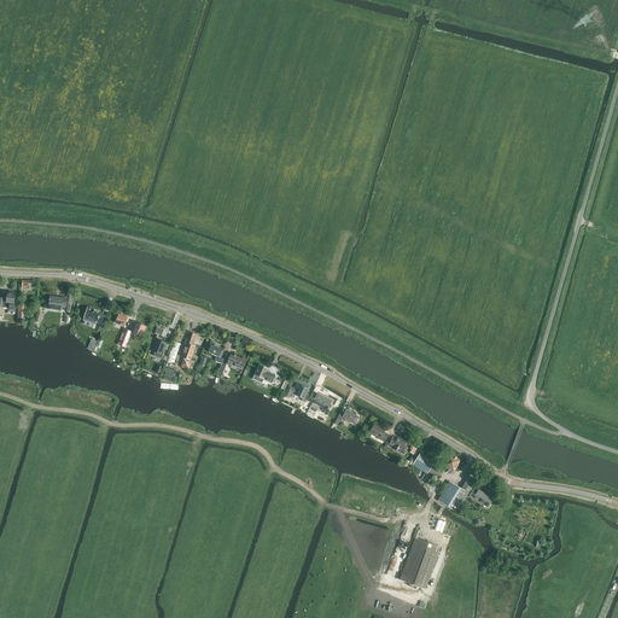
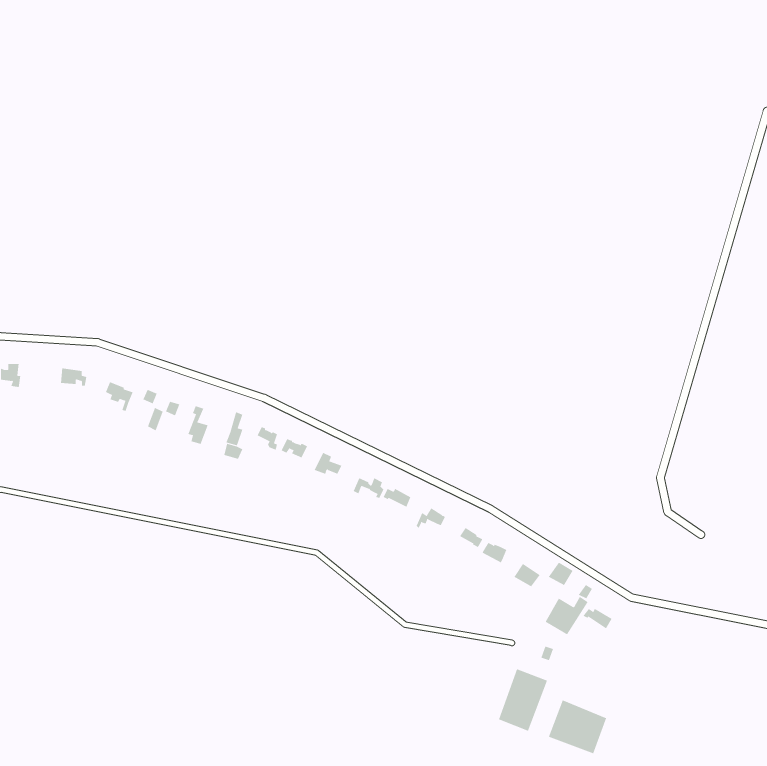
building: none -> [548,699,607,754]

